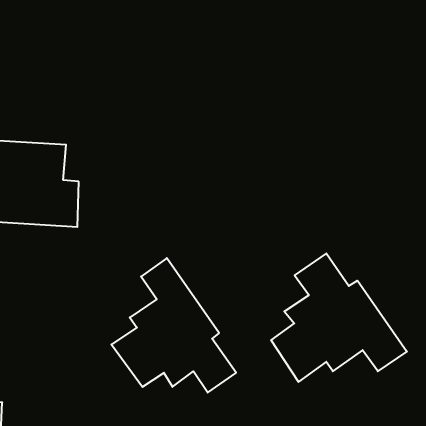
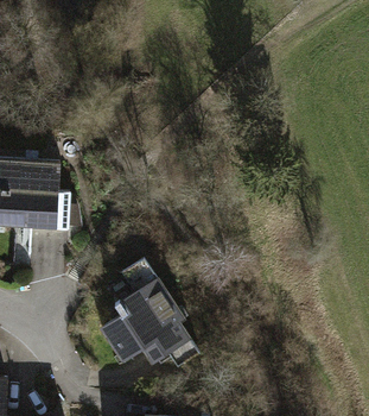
building: [271,253,407,382] -> none

